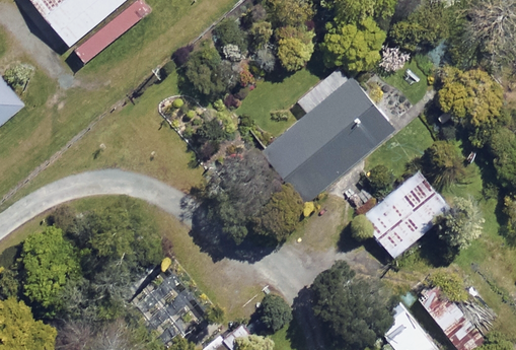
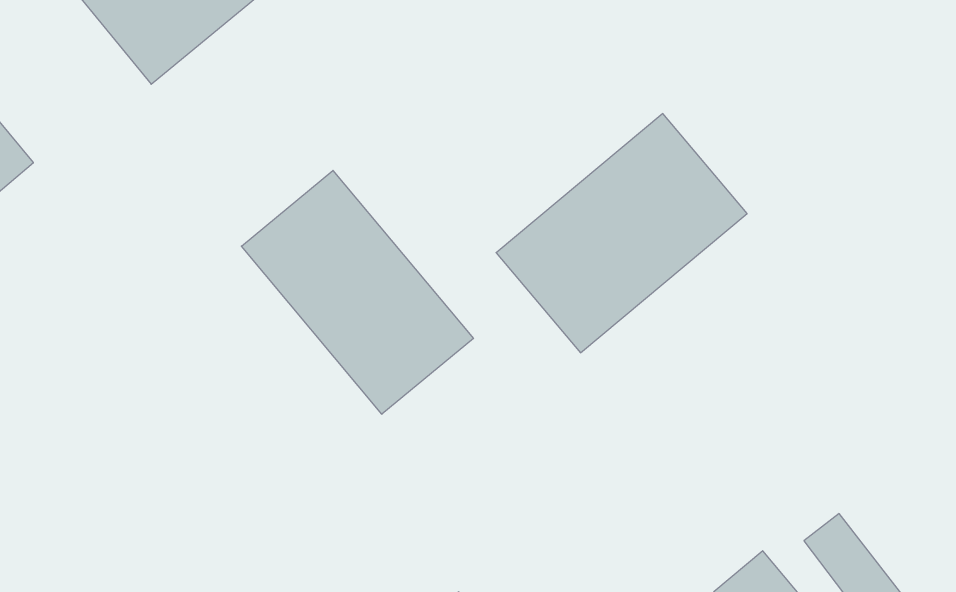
building: none -> [241,170,473,414]
building: [360,169,451,257] -> none

